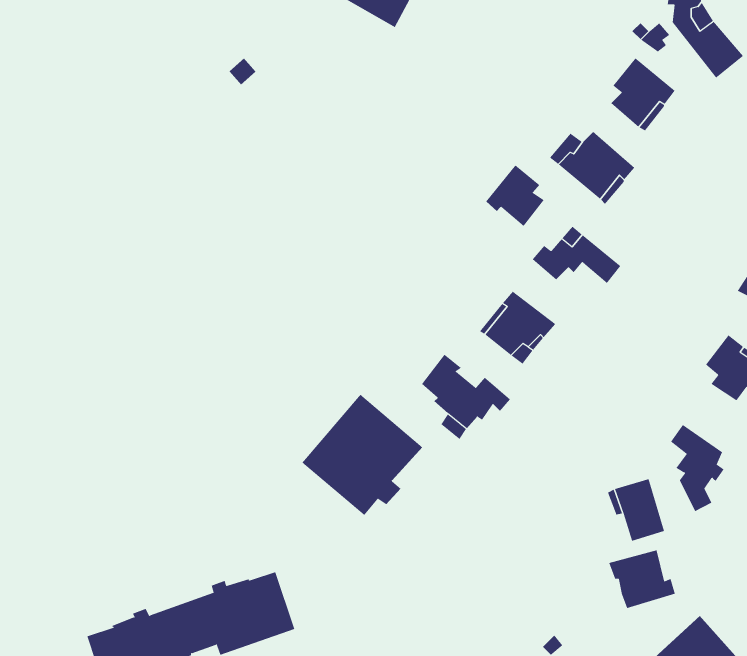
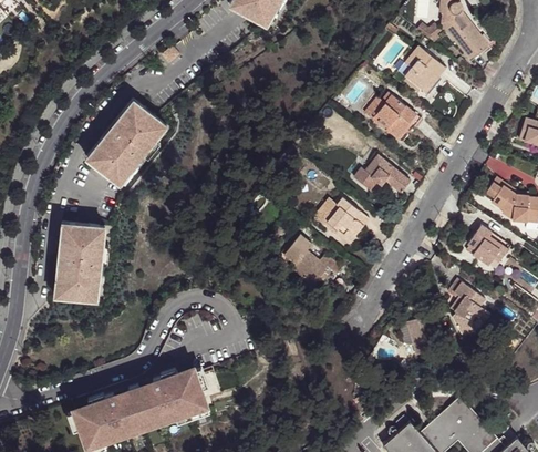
building: none -> [86,100,168,186]
building: [485,164,544,227] -> none
building: none -> [54,223,110,302]
building: [301,394,423,516] -> none
building: [609,550,675,609] -> none

